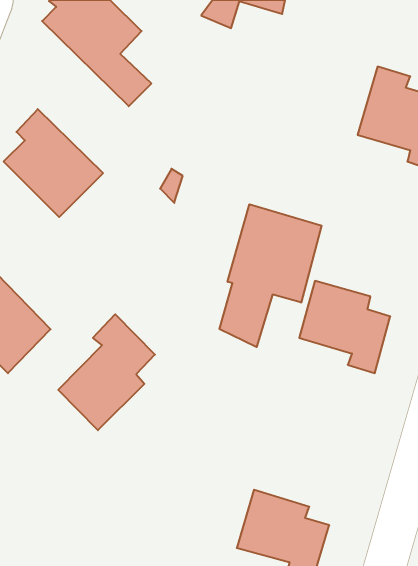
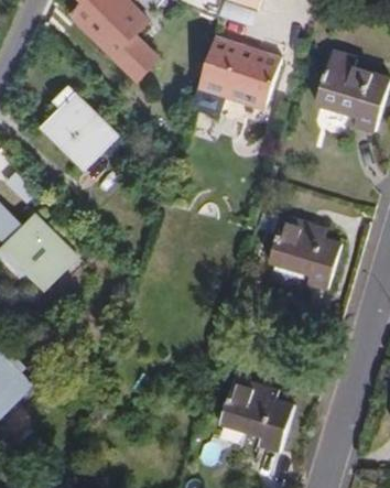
building: none -> [196,36,282,108]
building: [219,204,322,347] -> none
building: [58,314,155,430] -> none

